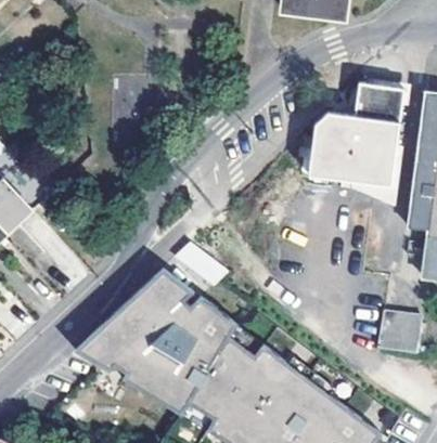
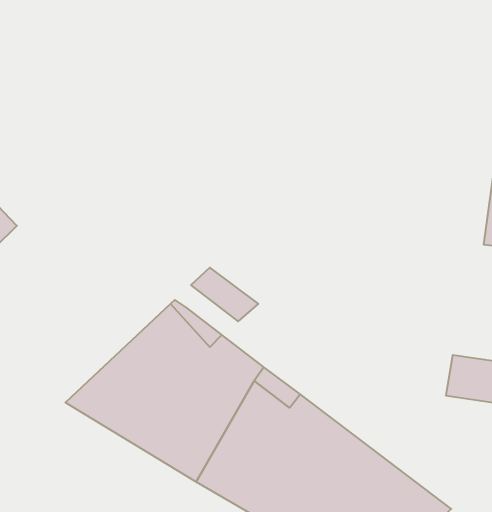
building: [309,80,406,184] -> none

